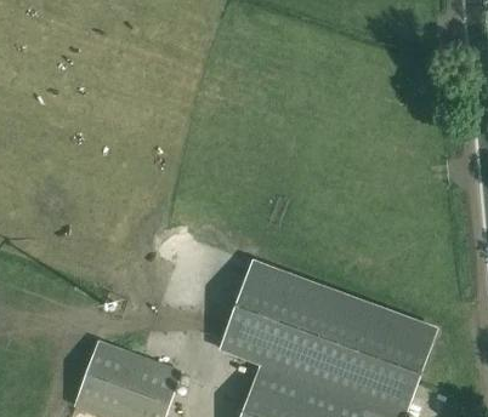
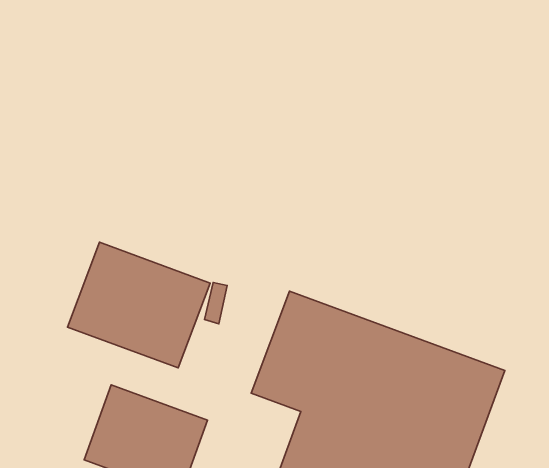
building: none -> [67,242,210,368]

